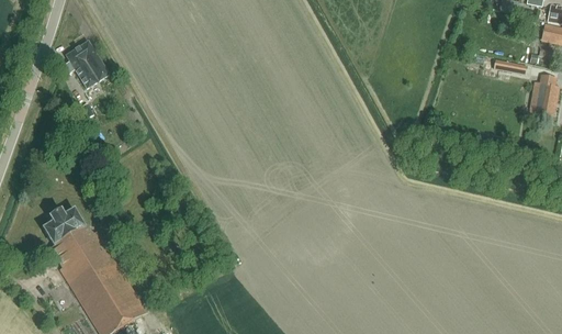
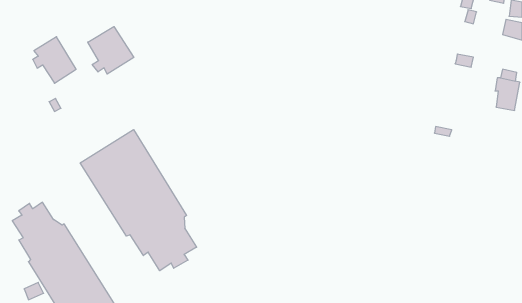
building: none -> [88,27,134,74]
building: none -> [80,130,197,271]

